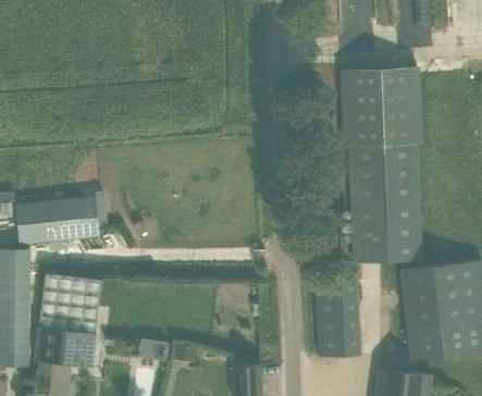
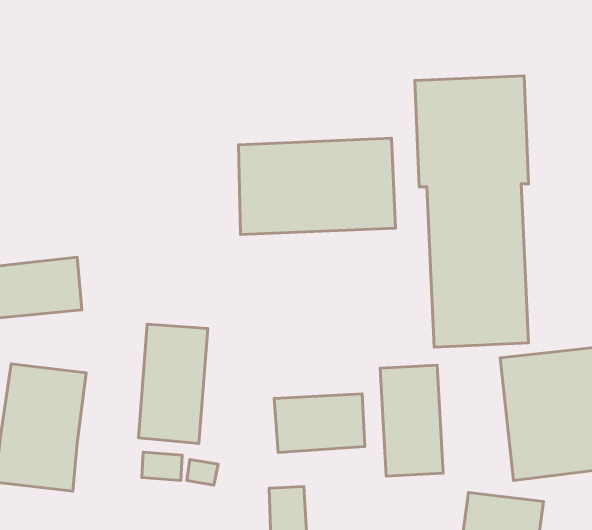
building: none -> [238,138,396,235]
building: none -> [139,324,208,443]
building: none -> [274,394,365,453]

